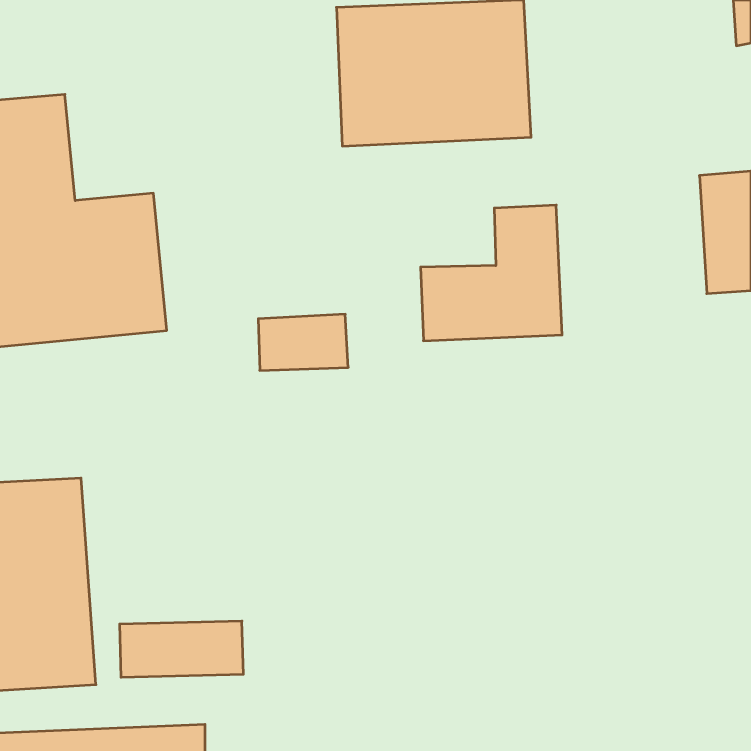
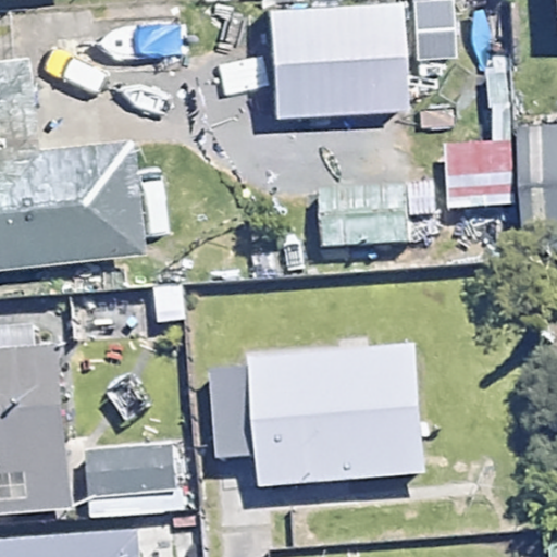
building: none -> [246,358,430,482]

